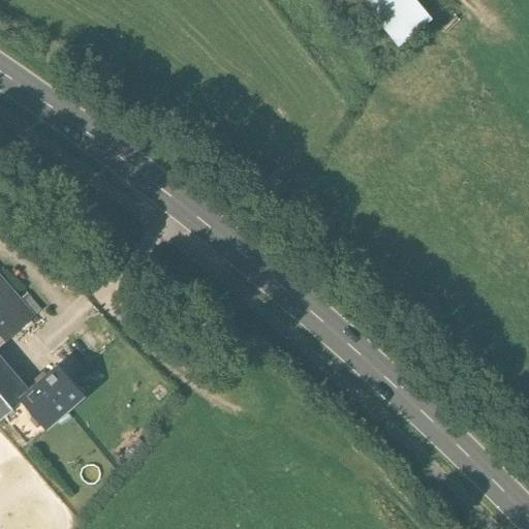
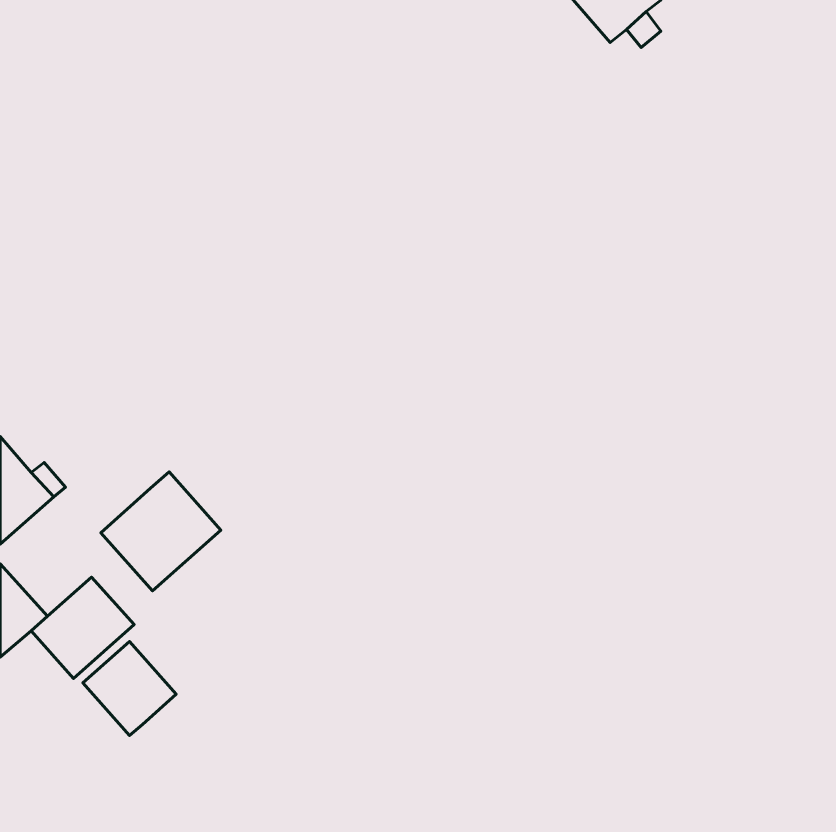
building: none -> [101,472,221,591]
building: none -> [83,642,176,735]

